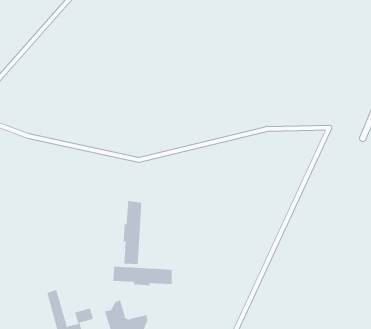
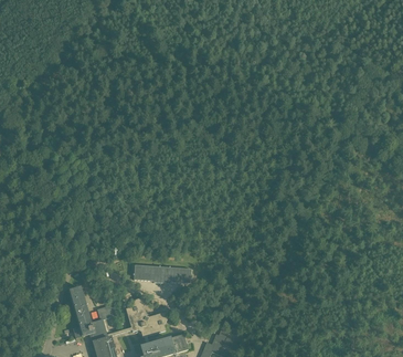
building: [123,200,142,265] -> none

